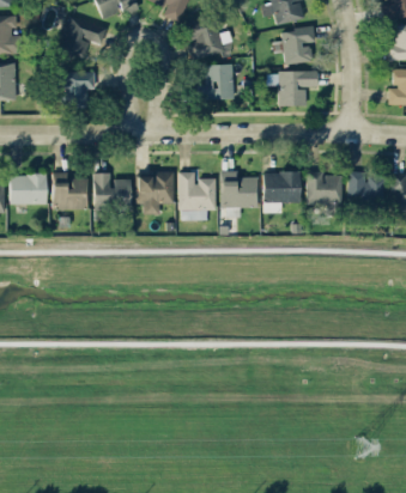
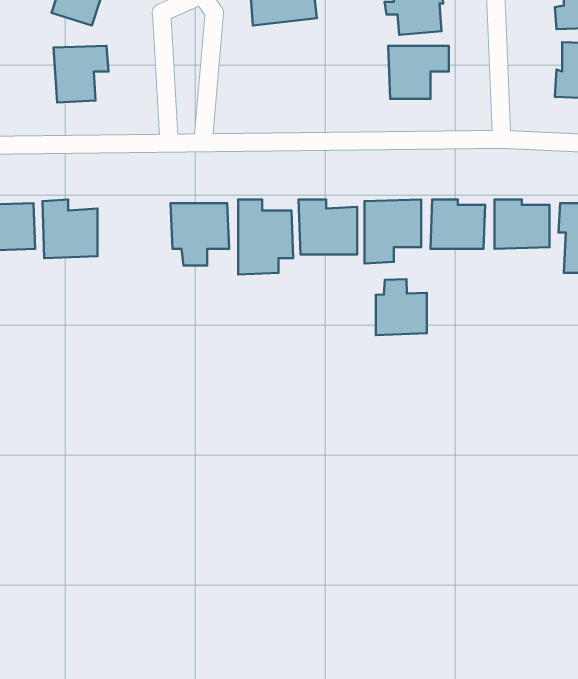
building: [196,63,234,99] -> none
building: [93,172,131,209] -> none
building: none -> [376,279,427,335]

